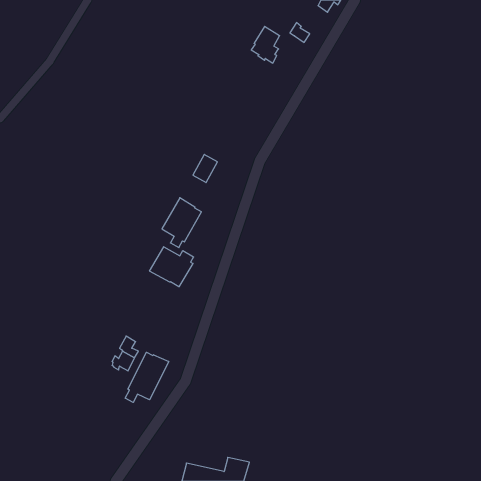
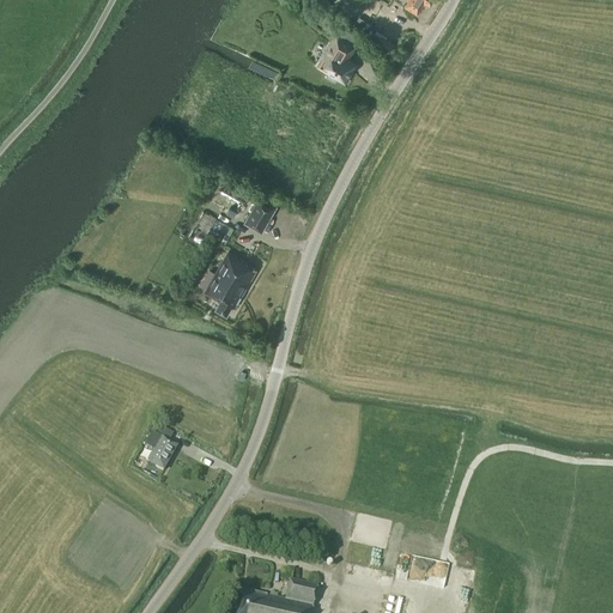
building: [150,247,194,287] -> none
building: [125,352,169,402] -> none

